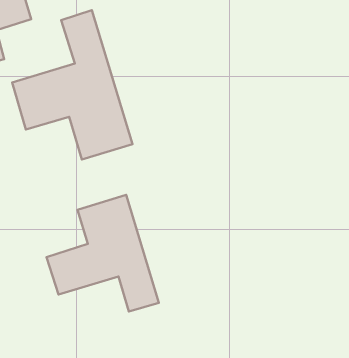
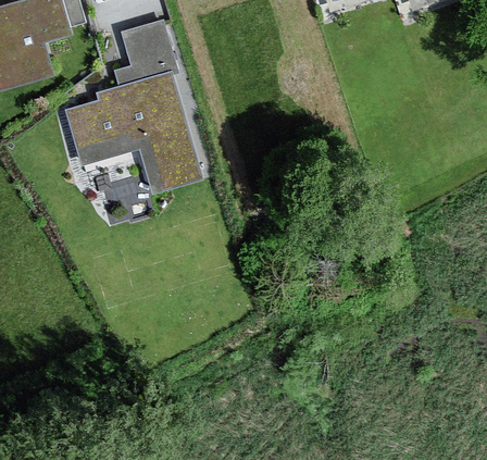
building: [47,195,159,312] -> none

